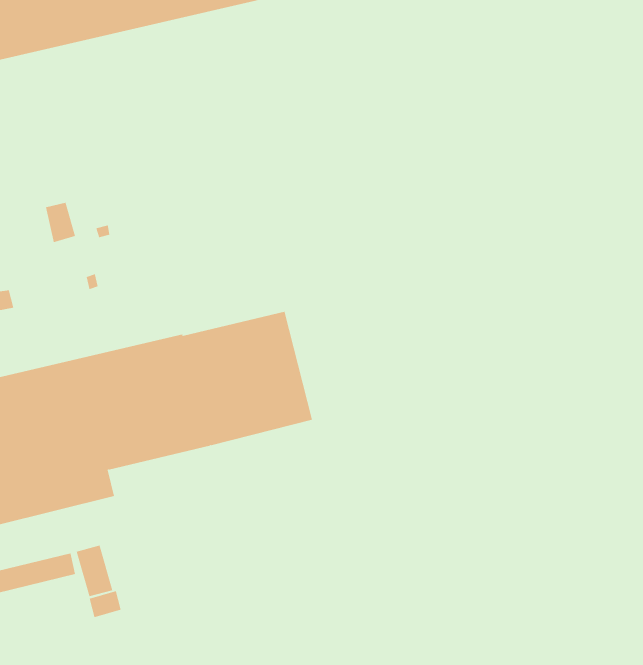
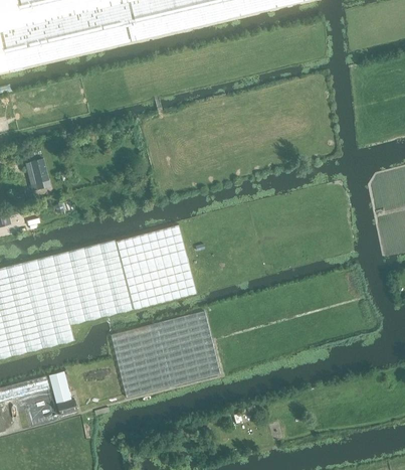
building: none -> [110,311,220,398]

